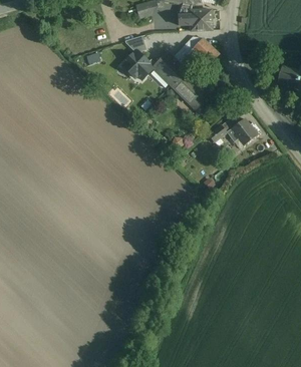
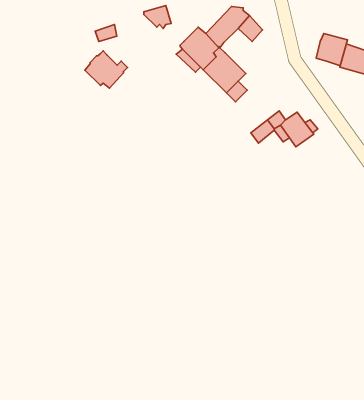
building: [123,51,157,80] -> [85,51,127,88]
building: none -> [316,33,347,66]

